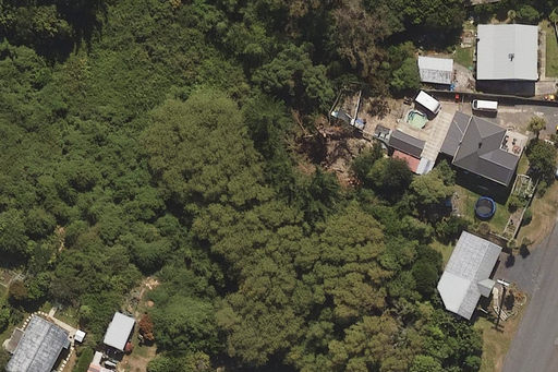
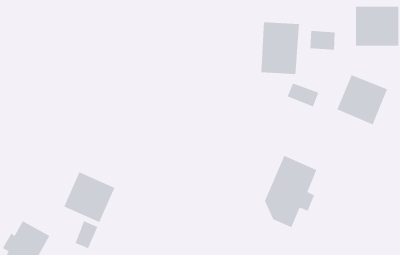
building: none -> [261,21,299,75]
building: [435,231,506,328] -> [264,155,317,228]
building: none -> [64,172,115,223]

